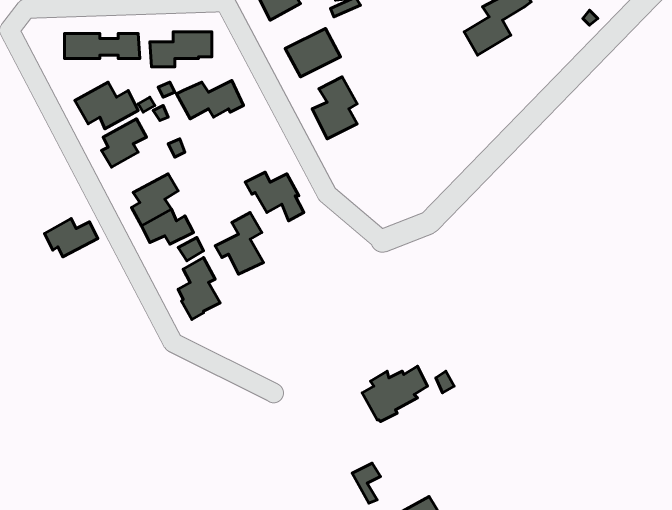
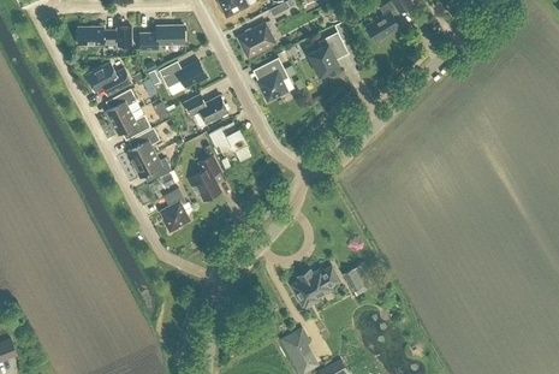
building: none -> [308,31,346,76]
building: none -> [184,94,228,124]
building: [44,218,98,257] -> [112,112,150,139]

